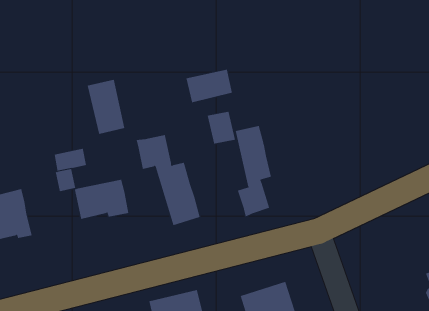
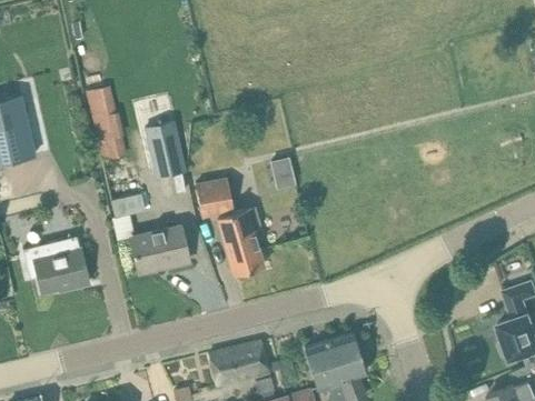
building: none -> [86,87,126,161]
building: [186,69,233,103] -> none
building: [235,125,272,217] -> none

